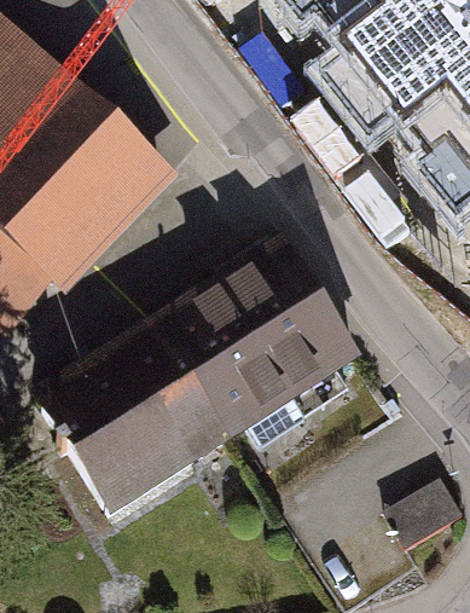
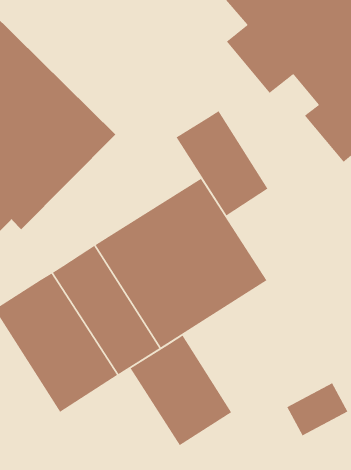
building: none -> [175,110,269,216]
building: none -> [130,334,232,446]

